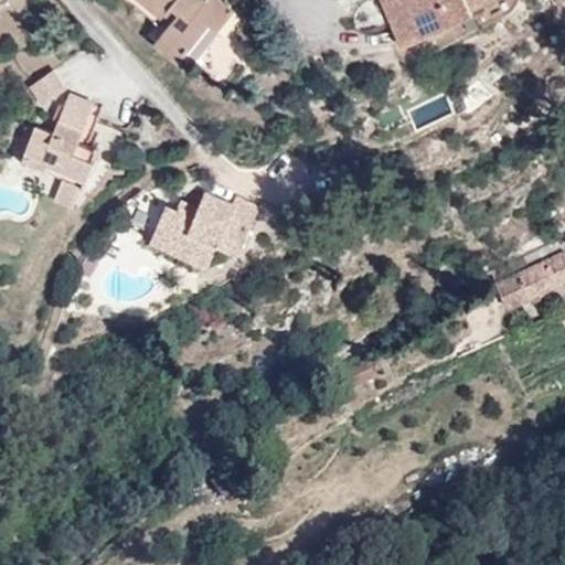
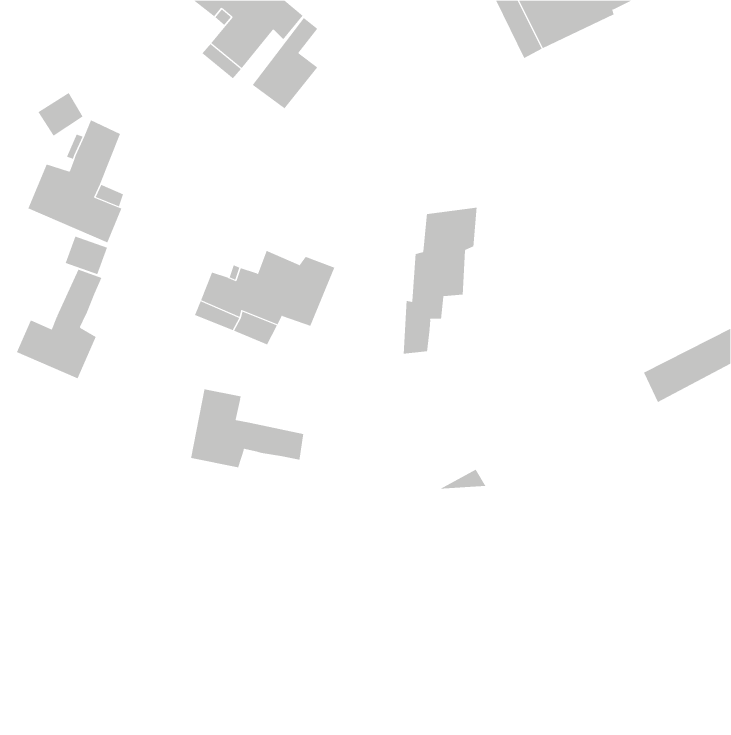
building: none -> [403,207,477,354]
building: none -> [16,269,102,379]
building: none -> [191,388,304,468]

